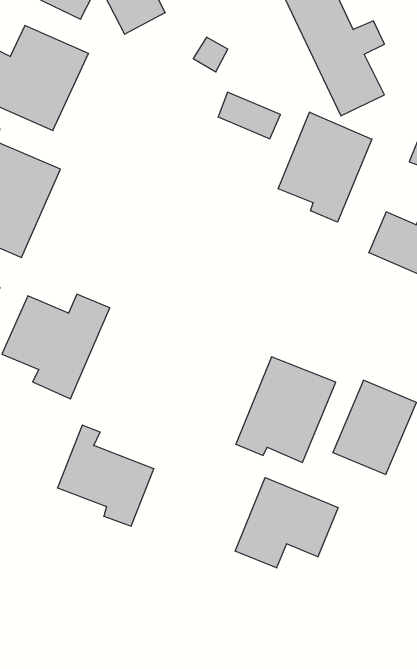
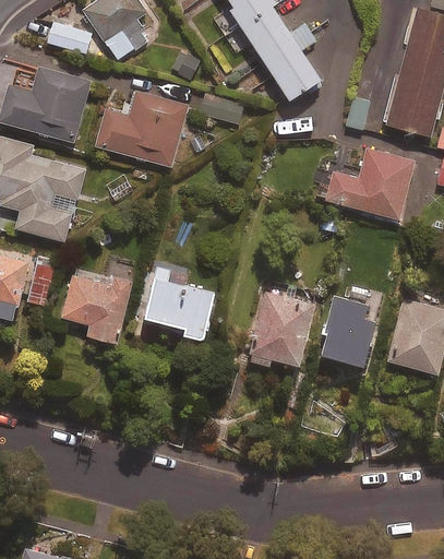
building: none -> [95,92,188,167]
building: [278,112,372,222] -> none
building: [57,425,154,526] -> [143,267,214,338]
building: [235,478,338,568] -> none

